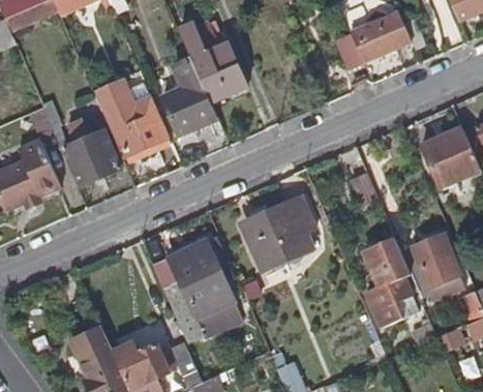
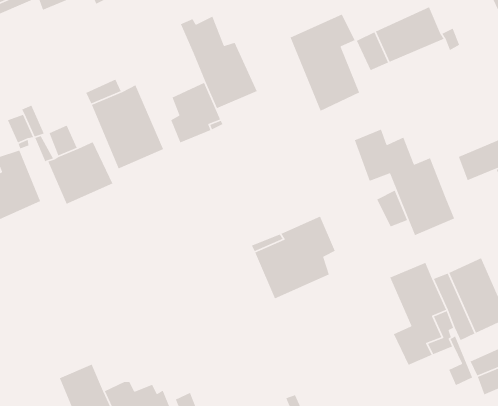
building: none -> [289,14,360,112]
building: [162,55,201,113] -> none
building: none -> [354,129,455,236]
building: [153,238,242,343] -> none

